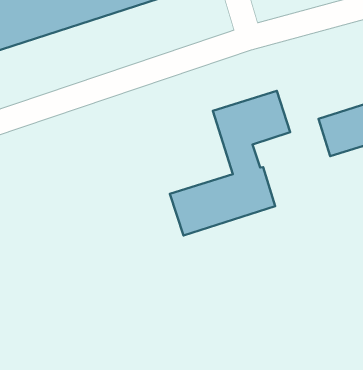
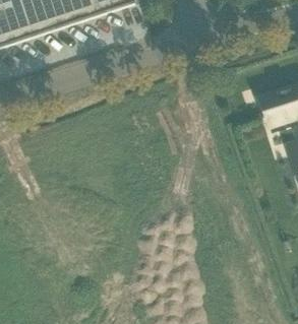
building: [170,91,290,235] -> none

